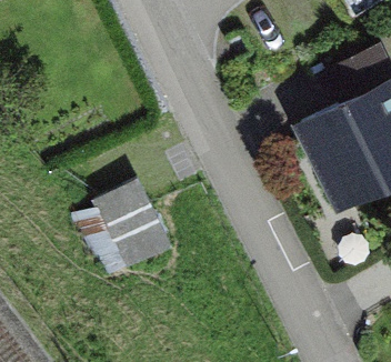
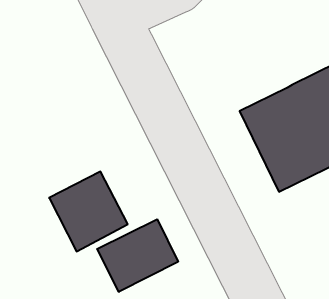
building: none -> [97,219,178,292]

